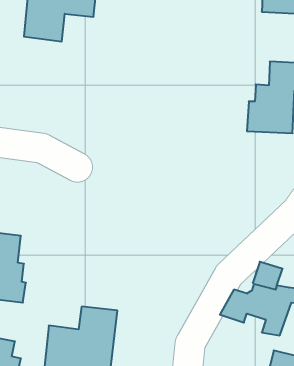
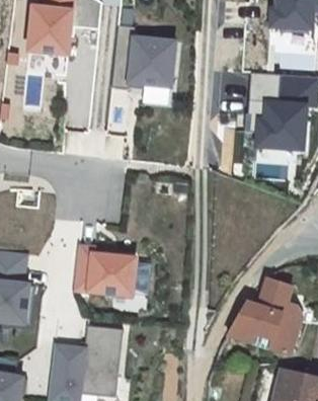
building: none -> [110,25,176,89]
building: none -> [73,246,136,296]

